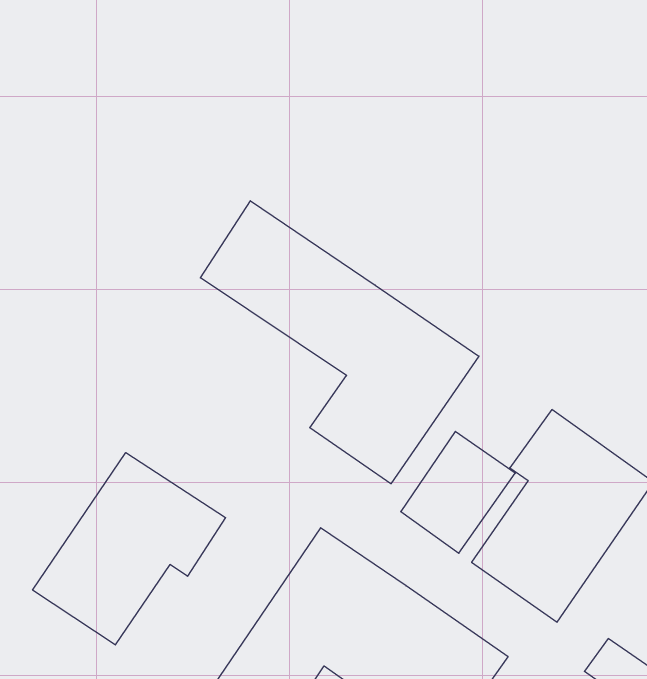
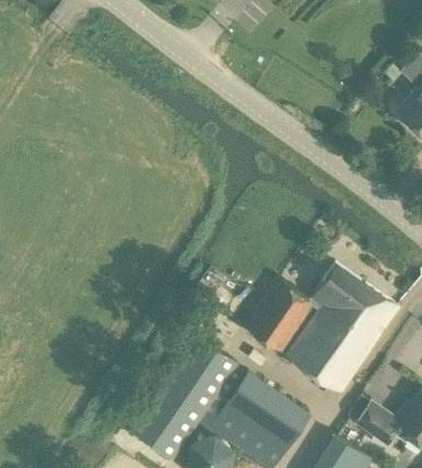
building: [200,201,479,484] -> none
building: [33,453,226,645] -> none

